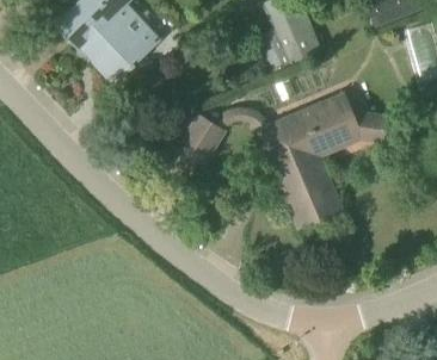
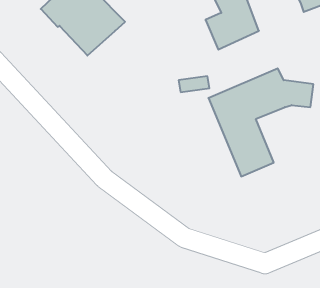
building: [179,114,223,161] -> none

